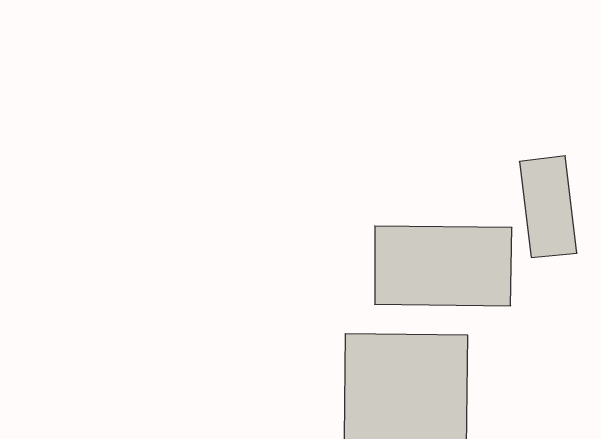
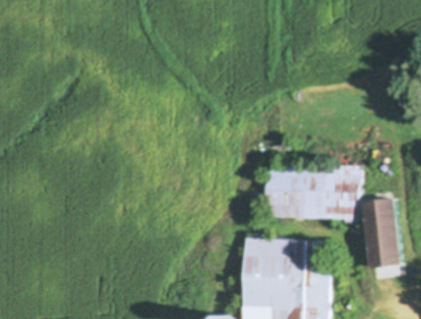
building: [519,156,577,257] -> [364,199,404,269]

